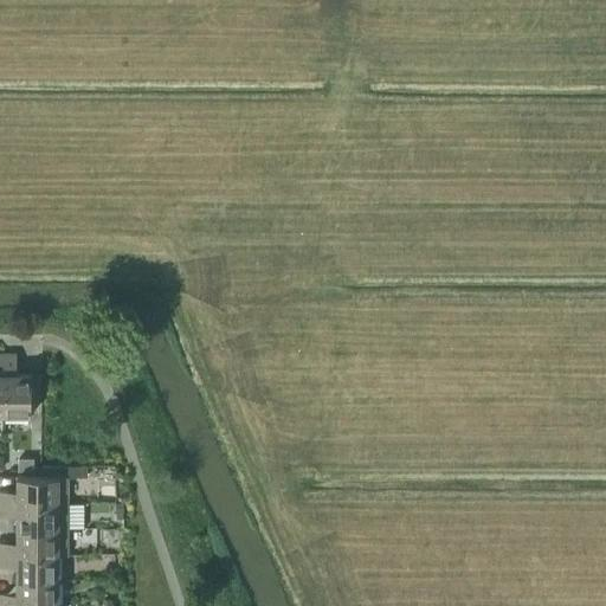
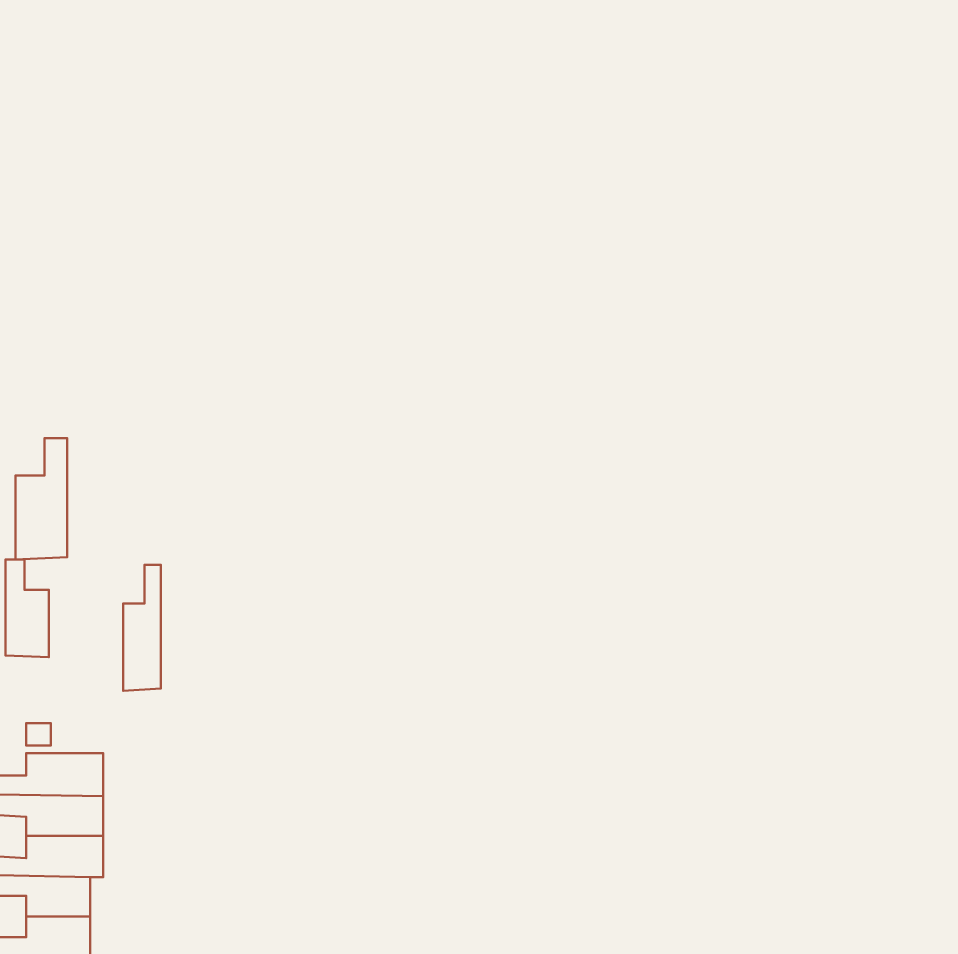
building: none -> [15,438,67,560]
building: none -> [123,565,161,691]

